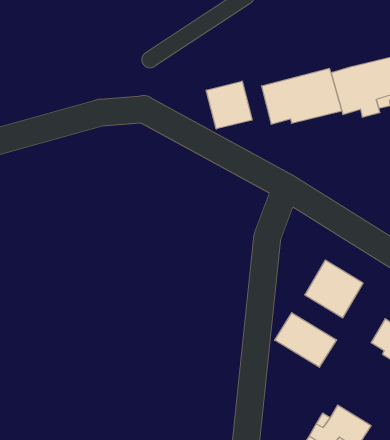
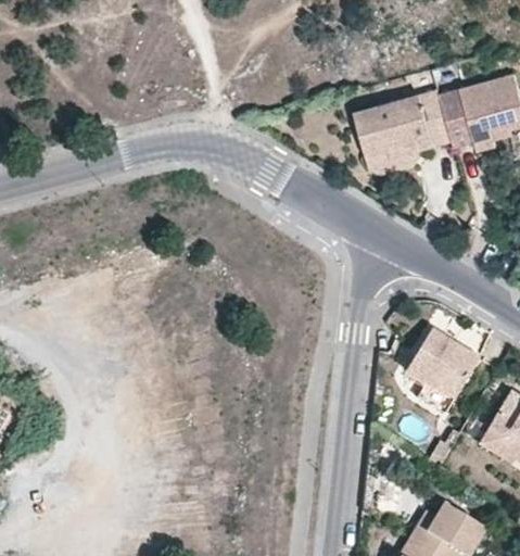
building: [206,81,252,129] -> none
building: [275,313,337,367] -> none

